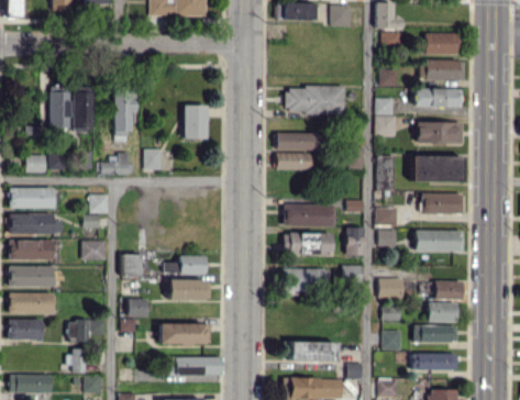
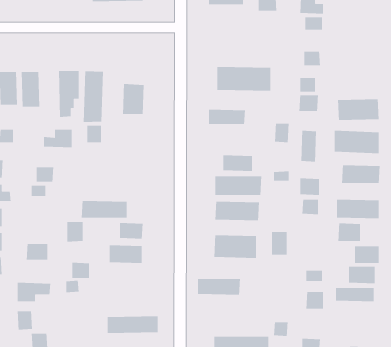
building: [425,33,460,54] -> none
building: [419,59,465,80] -> none
building: [416,88,463,108] -> none
building: none -> [83,71,104,123]
building: [277,152,310,170] -> [222,155,253,172]
building: [346,227,365,255] -> none
building: [82,241,107,259] -> [26,243,48,260]
building: [378,277,403,298] -> [337,223,361,242]
building: [159,323,210,343] -> [81,200,127,218]
building: [290,342,338,360] -> [197,278,241,295]
building: [412,353,457,370] -> none

